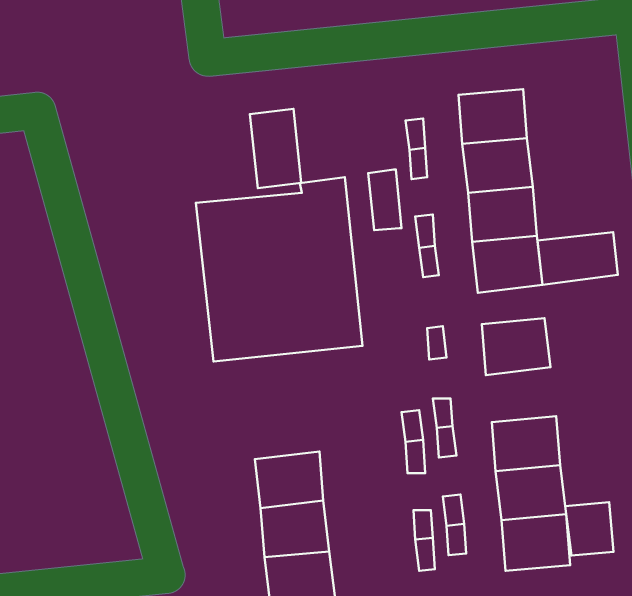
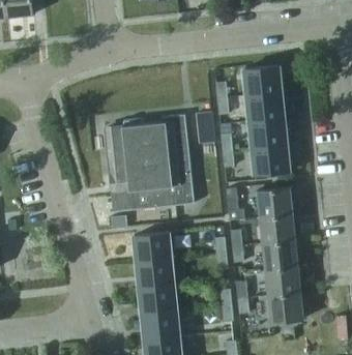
building: [250,109,301,188] -> none
building: [537,232,618,285] -> none
building: none -> [259,215,296,244]
building: none -> [134,233,171,264]
building: [565,502,614,555] -> none

